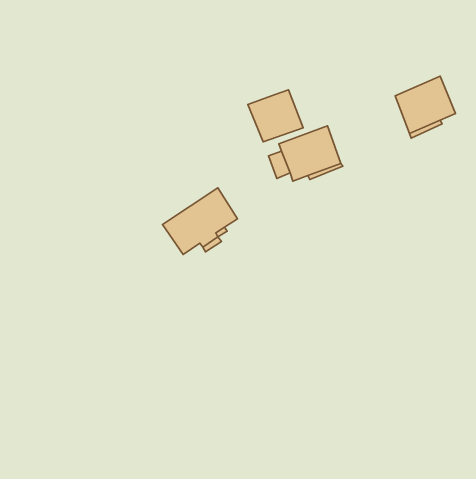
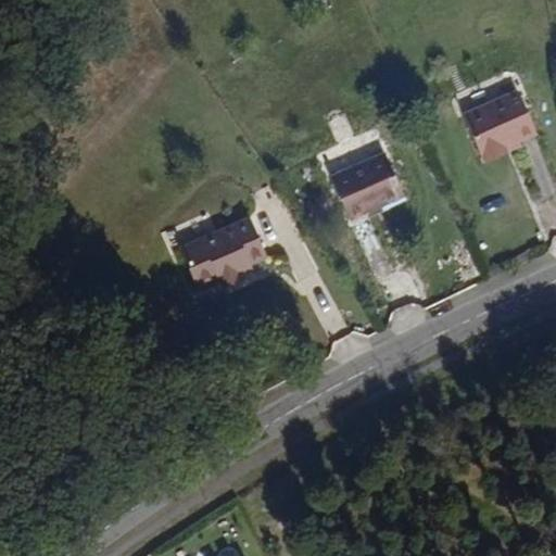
building: [248,90,303,142] -> none

